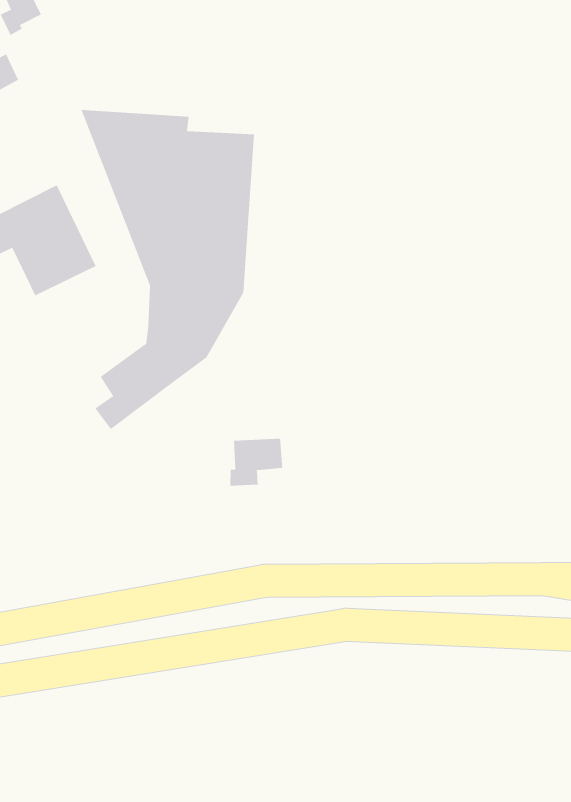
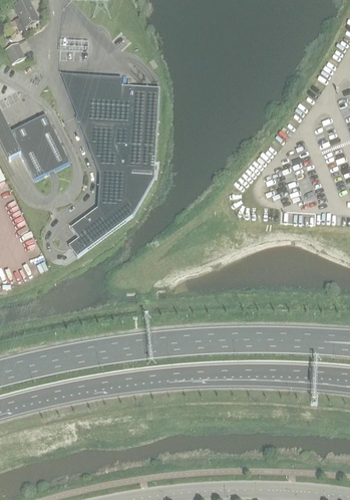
building: [230,438,283,487] -> none

